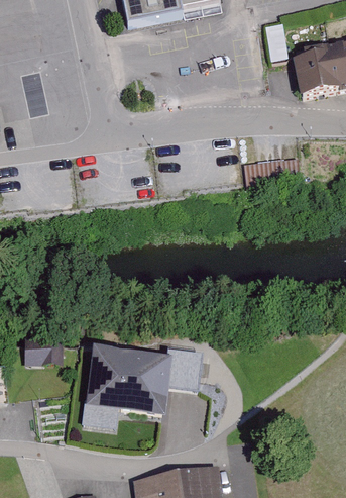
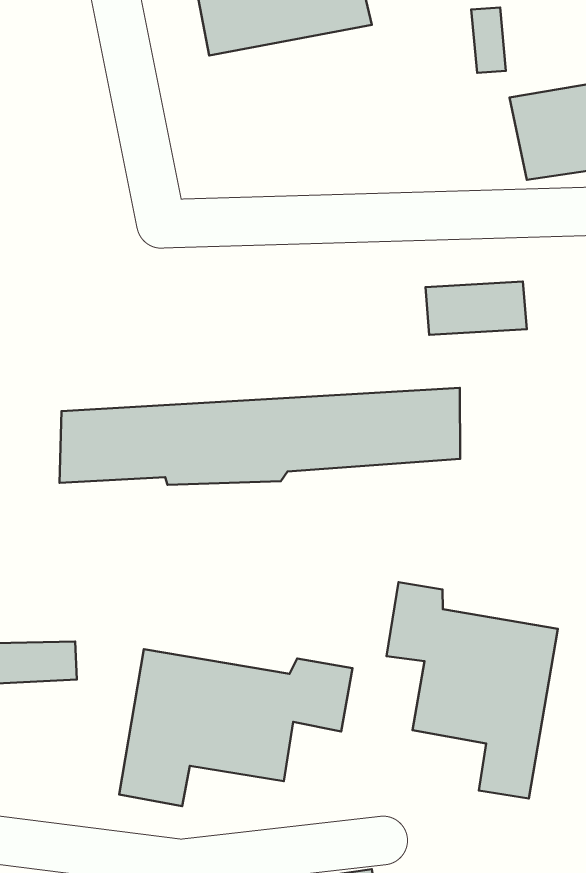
building: none -> [59,388,460,485]
building: none -> [386,582,558,798]

